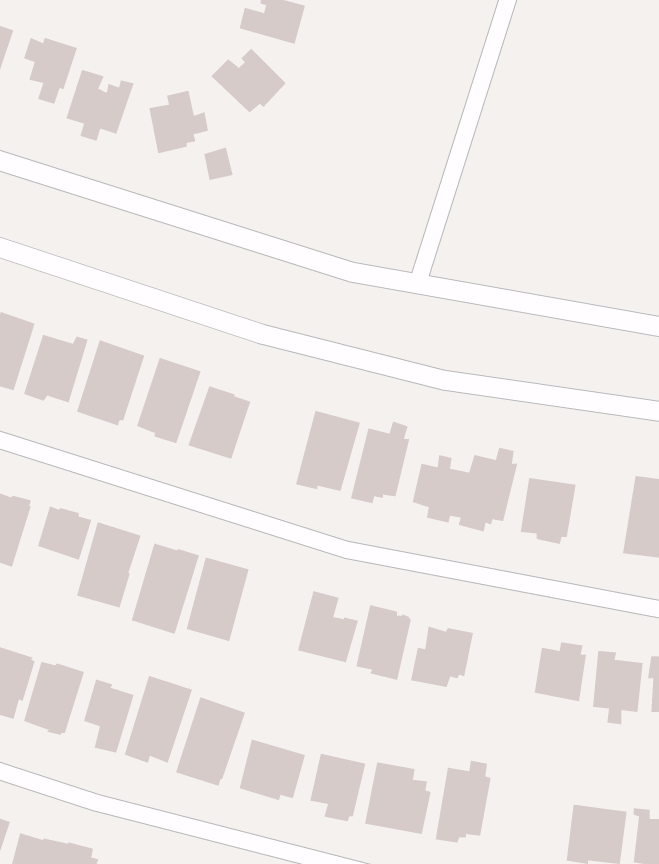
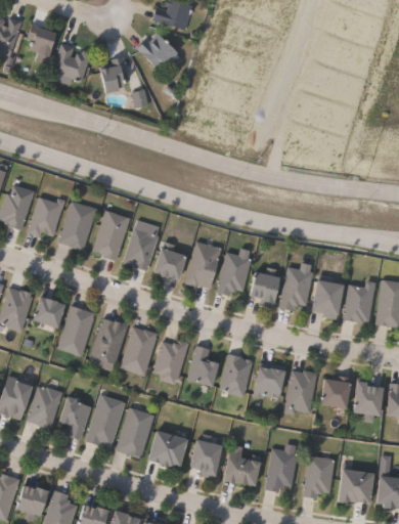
building: none -> [157,242,188,278]
building: none -> [343,280,376,322]
building: none -> [152,340,188,384]
building: none -> [282,369,317,416]
building: none -> [303,455,336,498]

